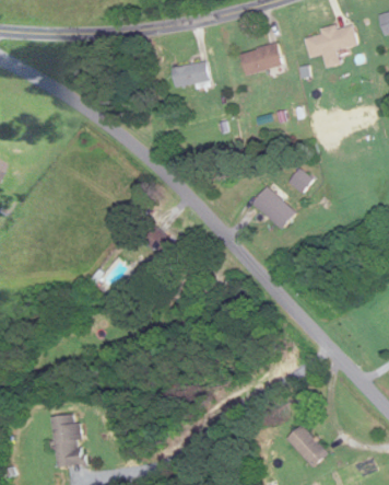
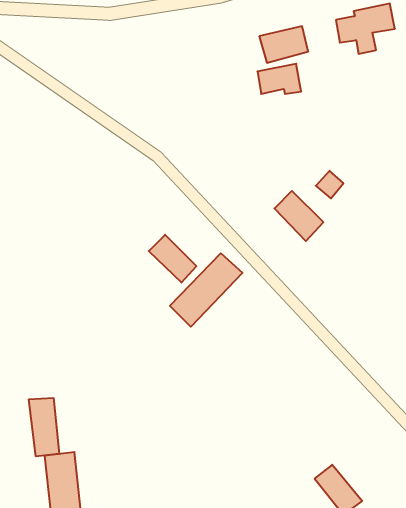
building: [172,61,210,88] -> [257,64,301,94]
building: none -> [170,253,242,327]
building: none -> [29,398,59,456]

